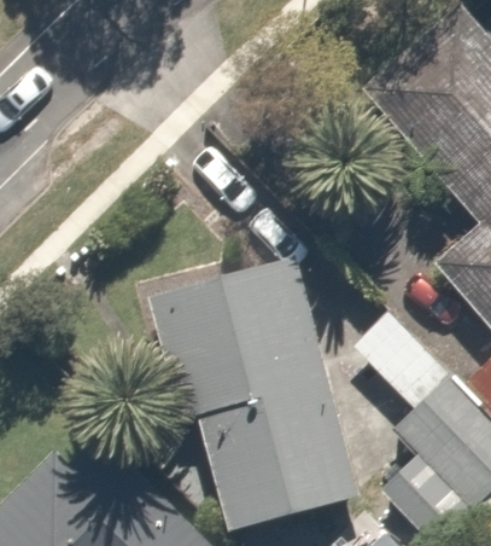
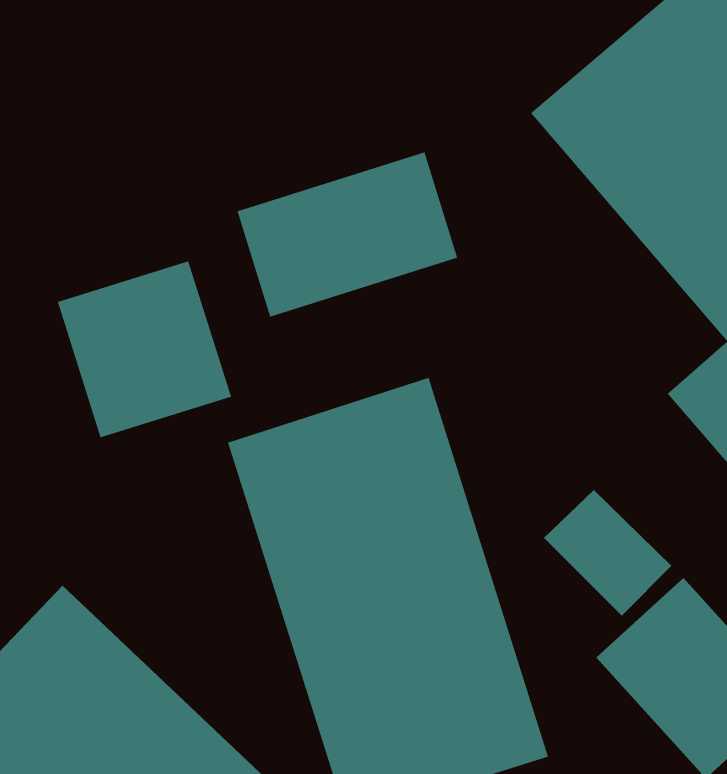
building: none -> [237,152,458,317]
building: none -> [57,260,232,438]

